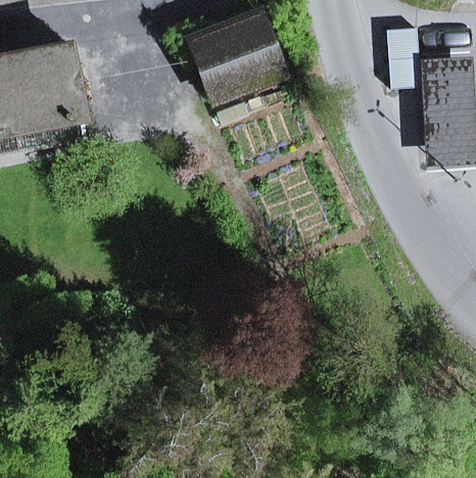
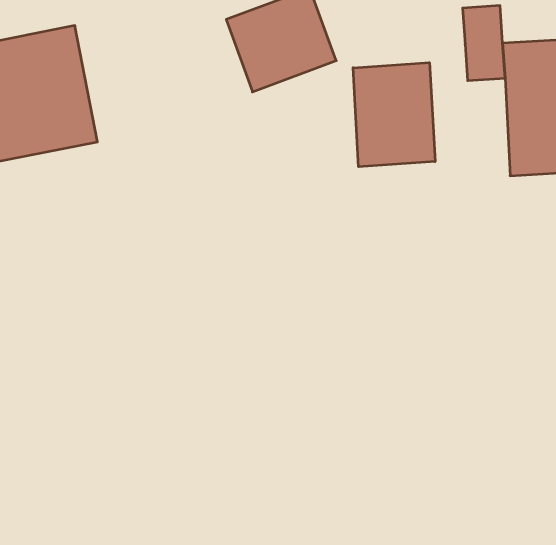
building: none -> [353,63,435,167]

